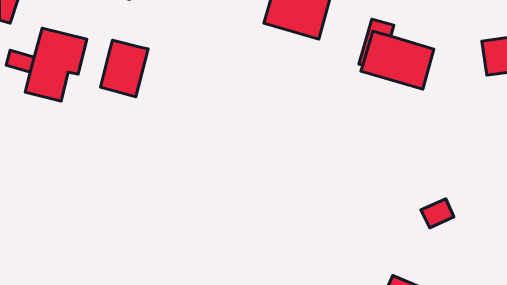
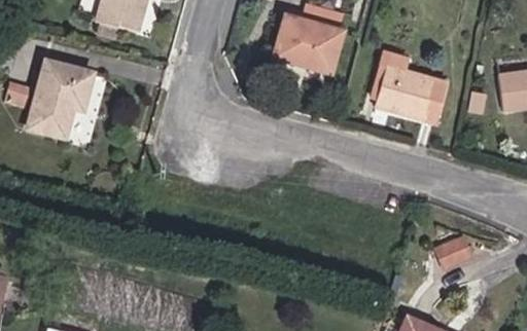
building: [101,40,148,97] -> none

